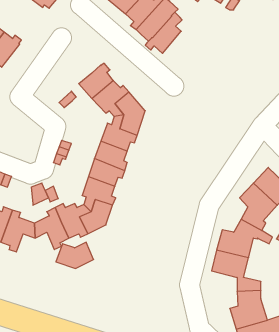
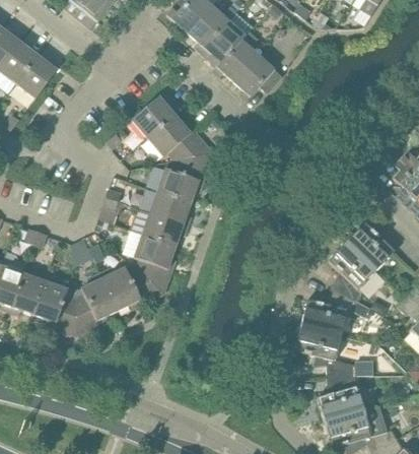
building: none -> [233,53,281,100]
building: [56,242,94,268] -> [53,302,99,334]

